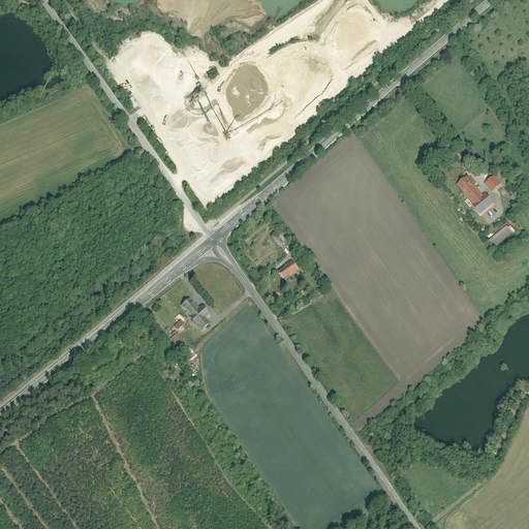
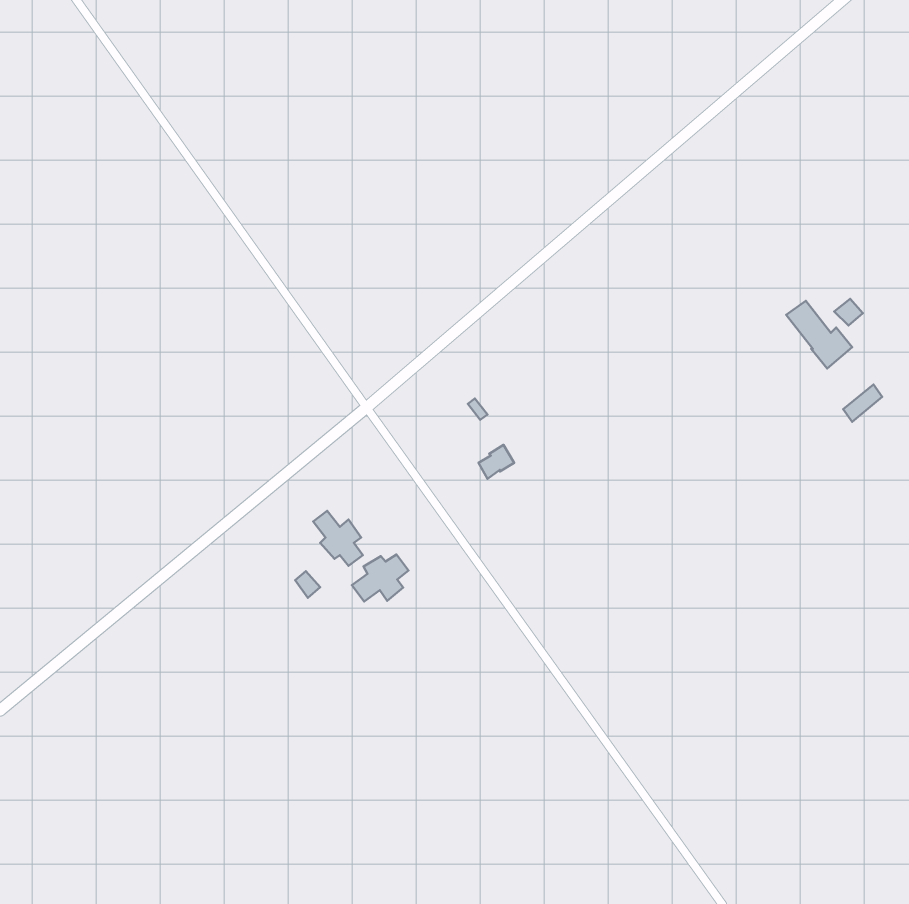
building: none -> [352,554,409,601]

